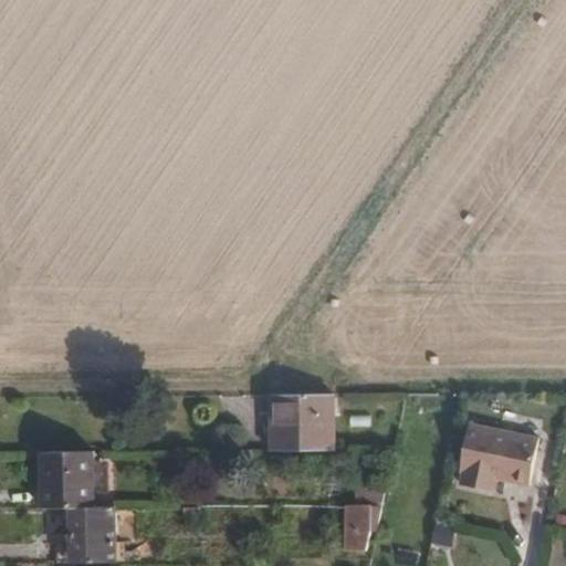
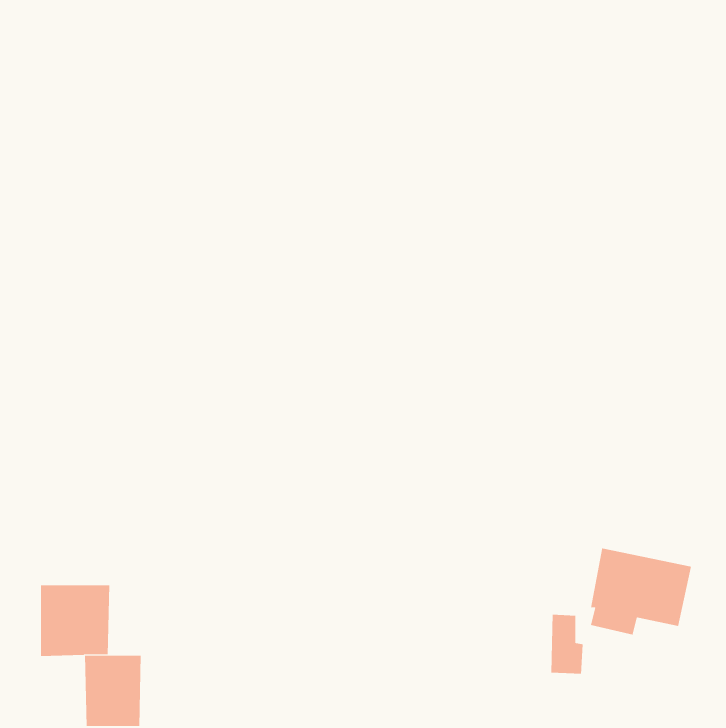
building: [270,394,331,450] -> none
building: [346,506,371,553] -> [551,614,583,674]

